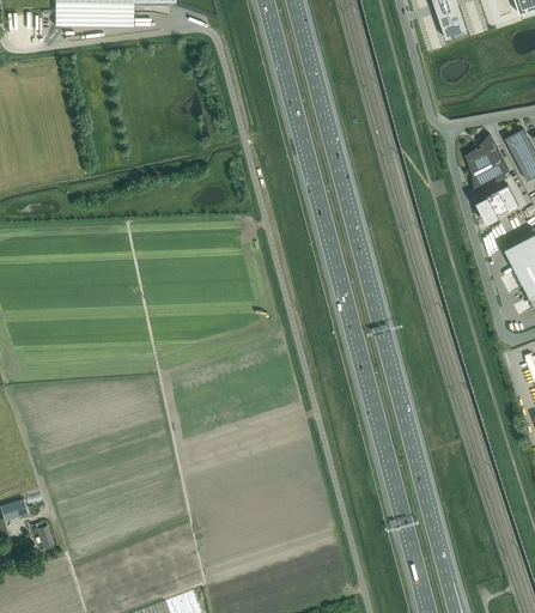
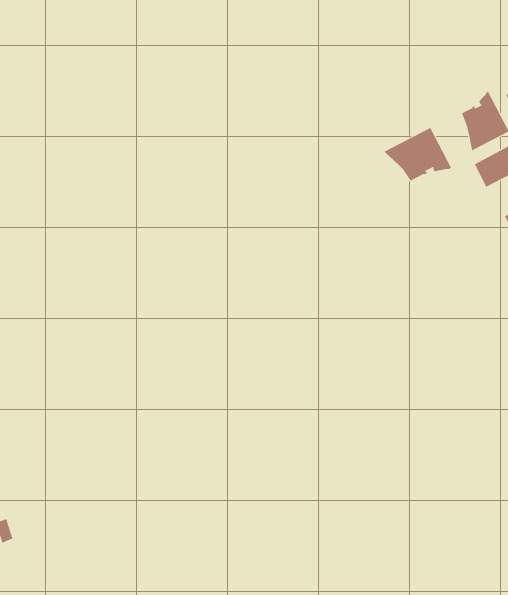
building: none -> [384,127,452,181]

